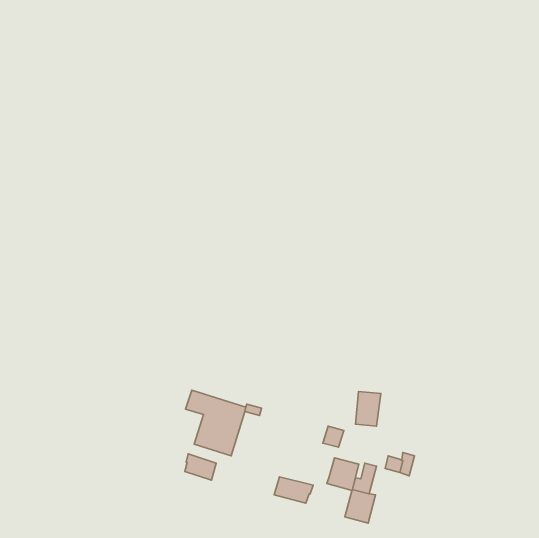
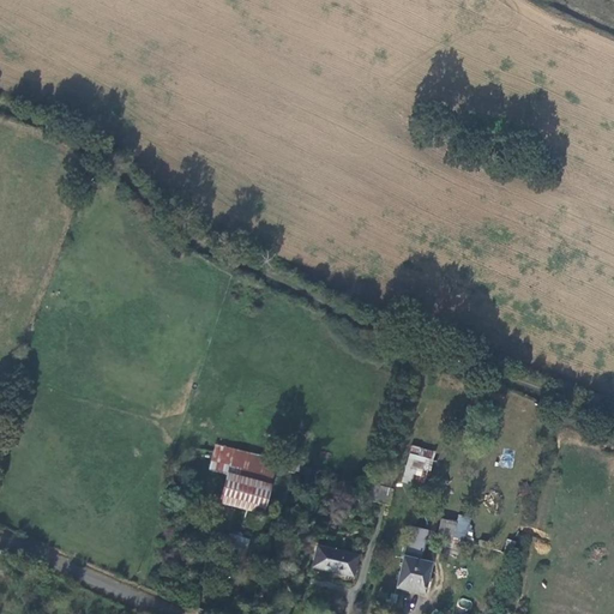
building: [185,454,216,480] -> none
building: [327,458,359,490] -> none

